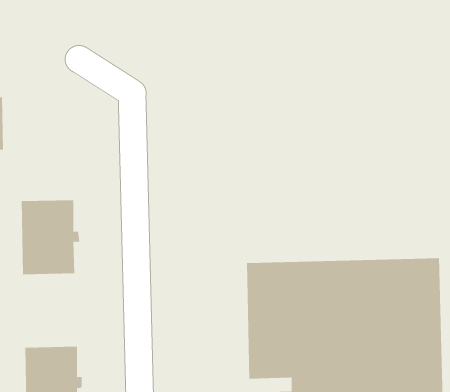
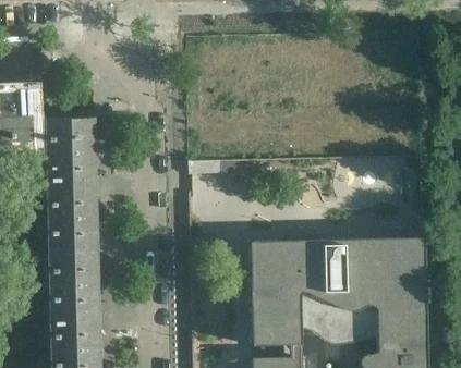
building: none -> [45,119,97,186]
building: none -> [47,252,100,318]

